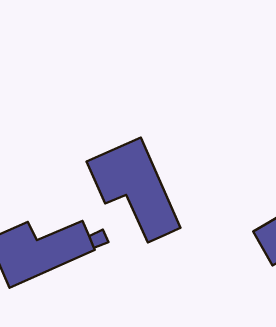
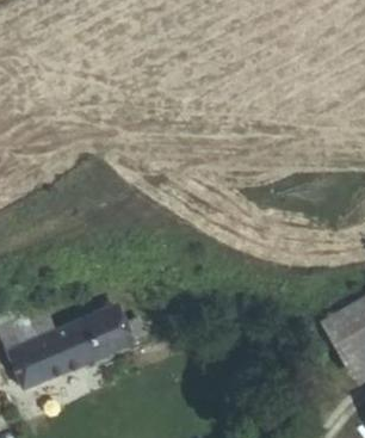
building: [87,137,180,242] -> none

